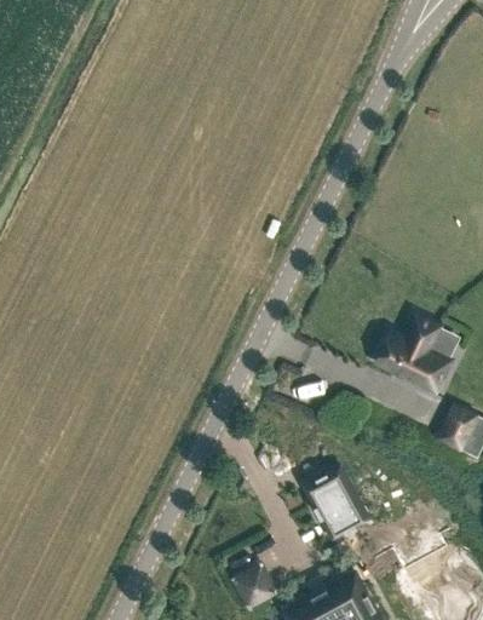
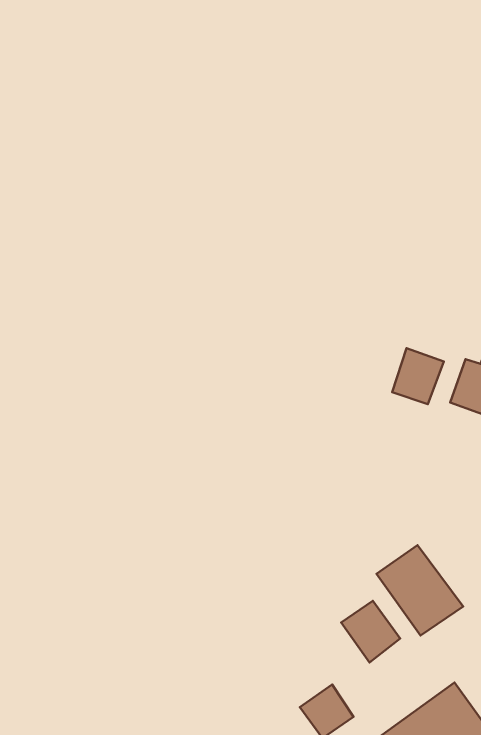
building: none -> [392,348,444,404]
building: none -> [341,601,400,662]

